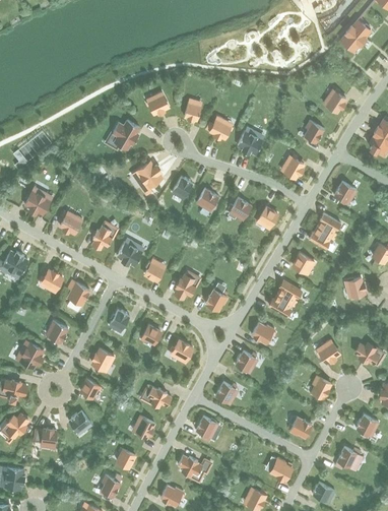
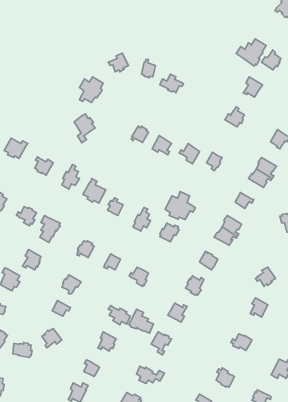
building: none -> [236,39,266,66]
building: [237,127,262,154] -> none
building: [137,162,161,195] -> [74,114,95,143]
building: none -> [165,192,195,219]
building: none -> [129,309,153,333]

